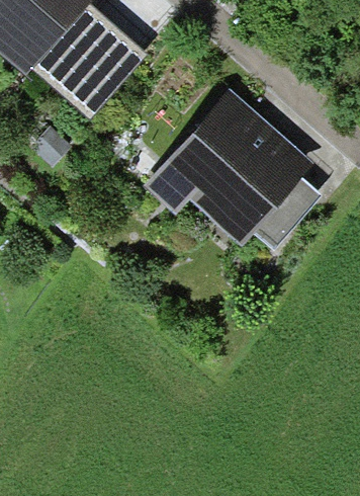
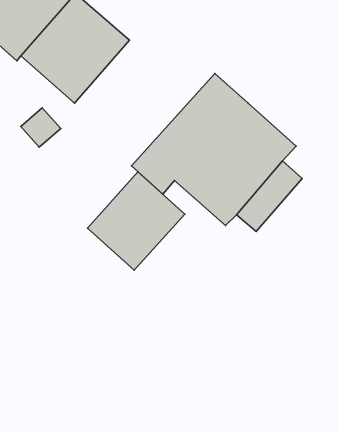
building: none -> [87,172,185,270]

